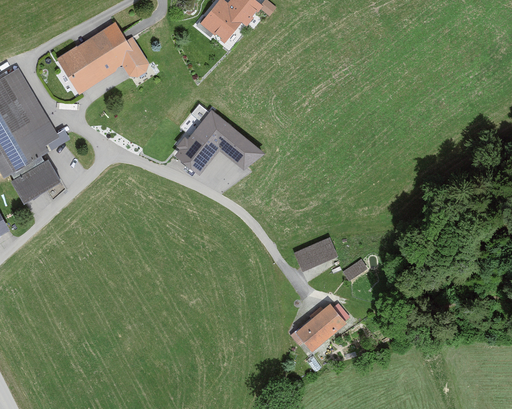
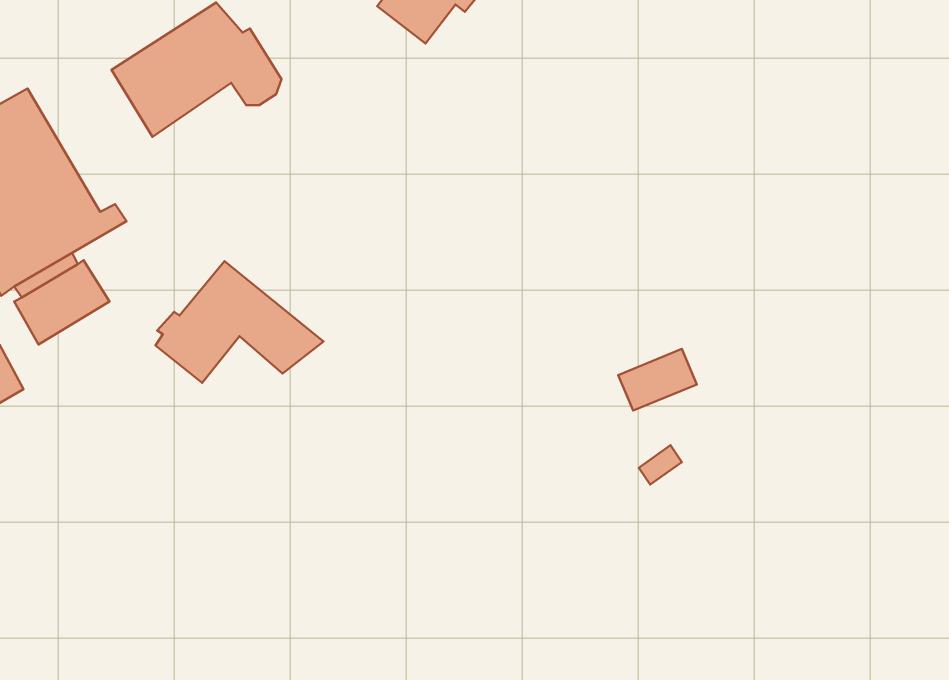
building: [172,108,262,173] -> [155,261,324,383]
building: [293,238,335,271] -> [618,349,697,411]
building: [291,301,342,349] -> none

